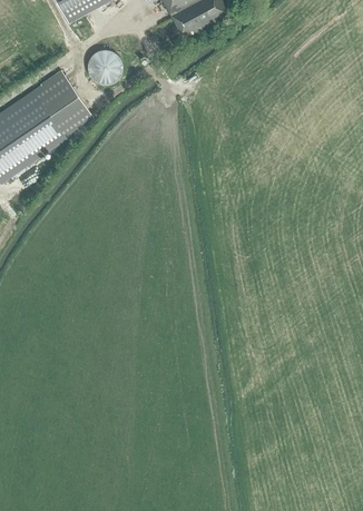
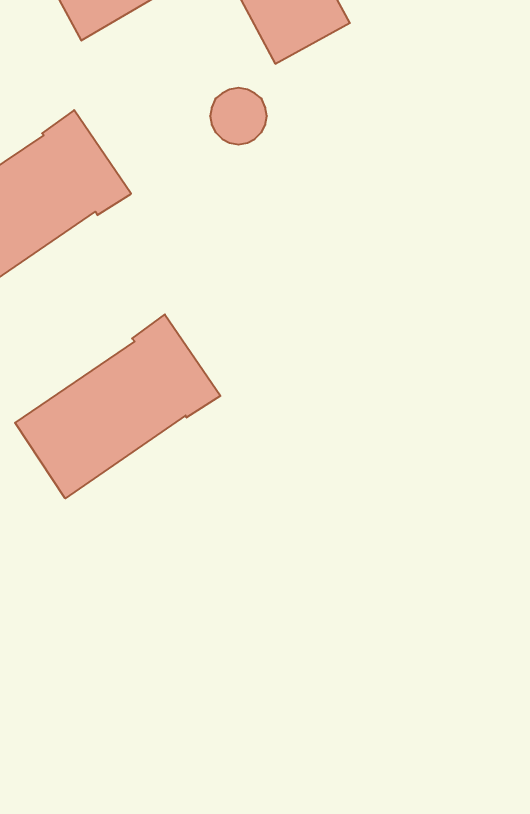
building: [87,49,122,85] -> [210,88,267,145]
building: none -> [15,314,220,498]

